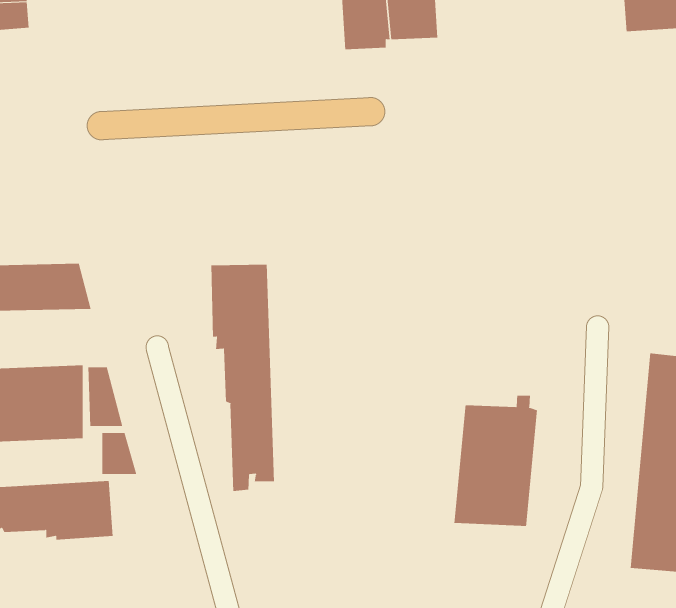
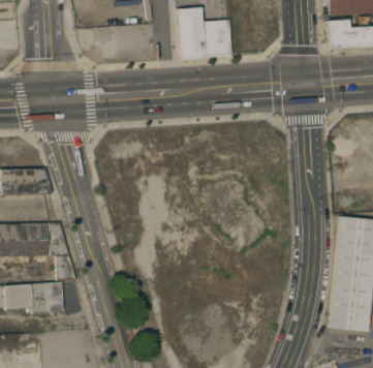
building: [211,264,274,492] -> none
building: [454,395,537,527] -> none

